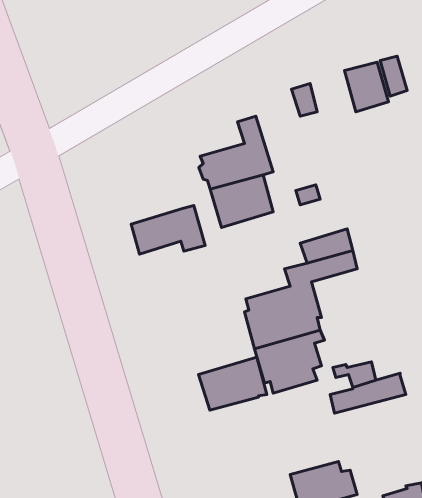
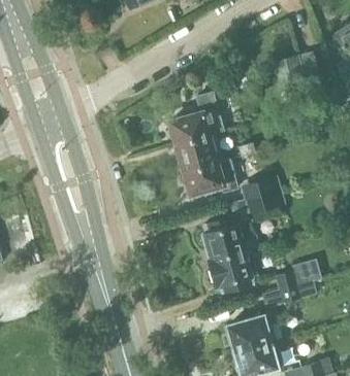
building: [131,206,205,254] -> [185,160,238,195]
building: [198,357,267,410] -> [226,313,276,351]

